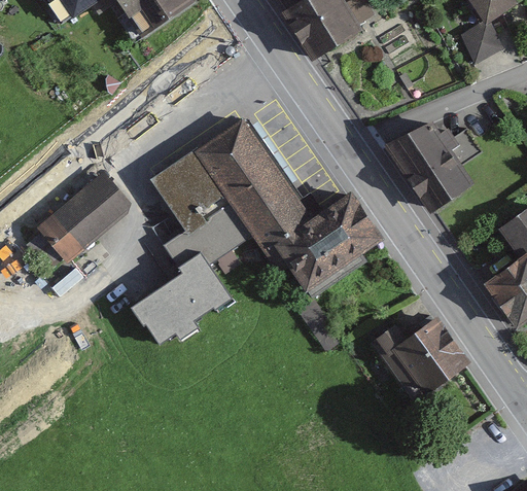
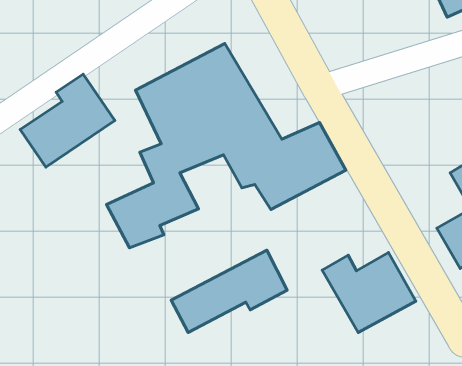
building: [393,124,472,209] -> none
building: none -> [171,250,287,332]

